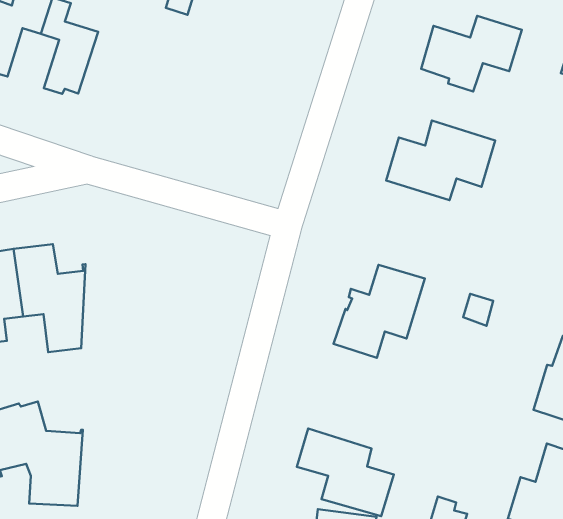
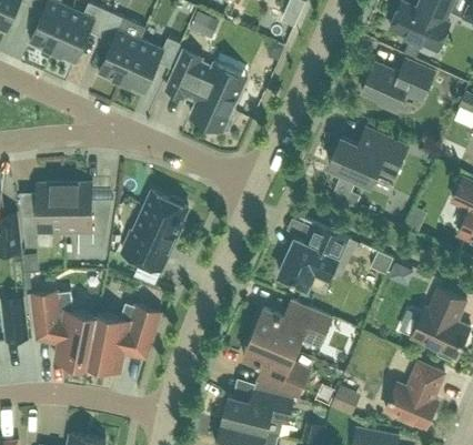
building: none -> [121,38,180,94]
building: none -> [165,50,245,133]
building: none -> [121,191,188,270]
building: none -> [253,301,331,351]
building: none -> [87,303,159,371]

